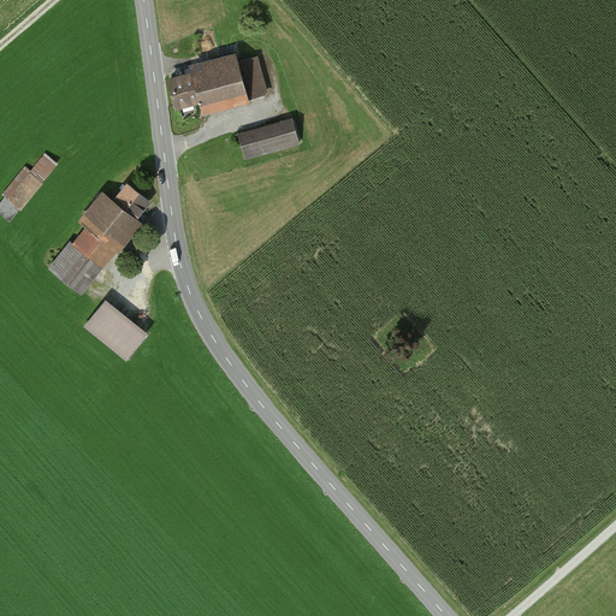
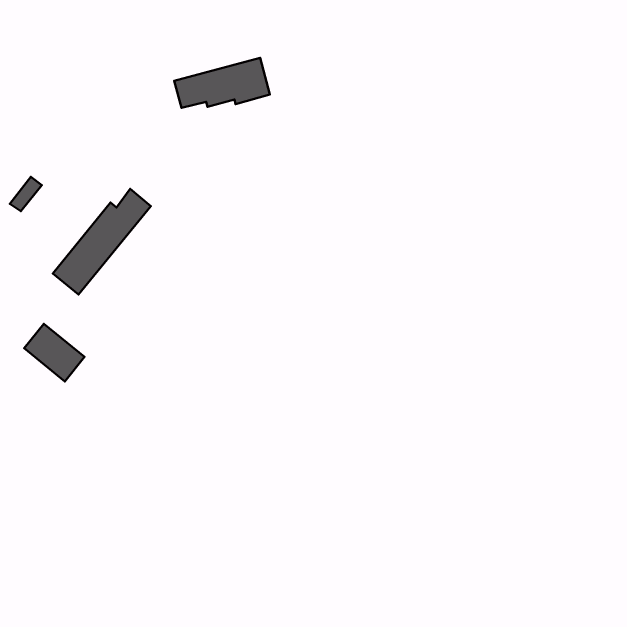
building: [241,119,297,152] -> none
building: [87,302,146,359] -> [24,324,84,381]

